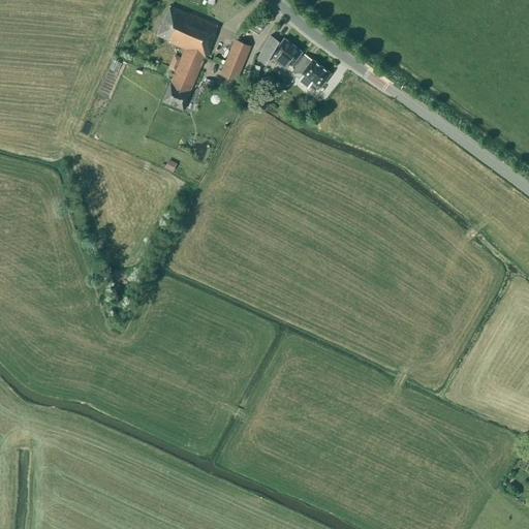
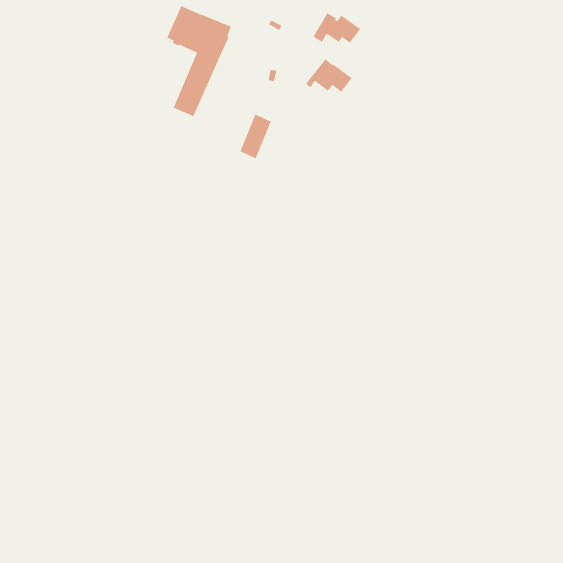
building: [256,36,302,65] -> [313,13,361,43]
building: [220,39,250,82] -> [240,114,272,159]

